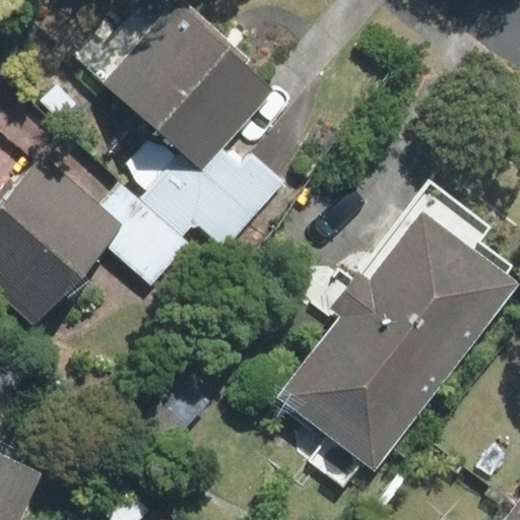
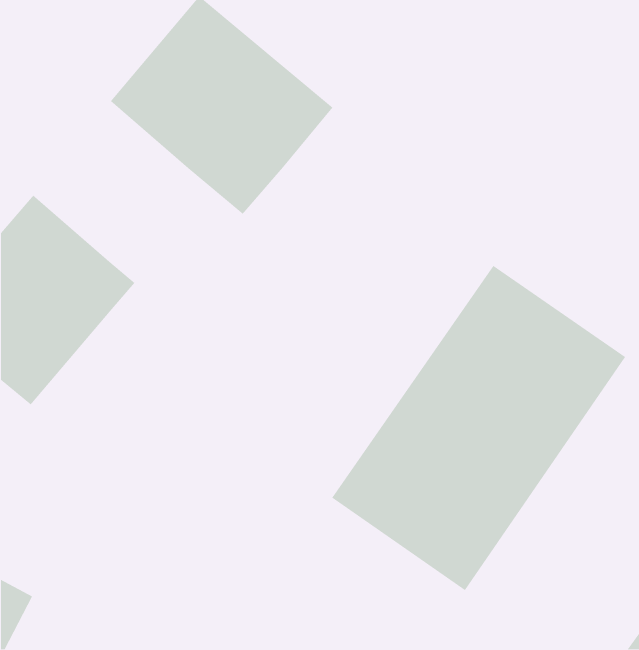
building: [99,133,290,288] -> none

